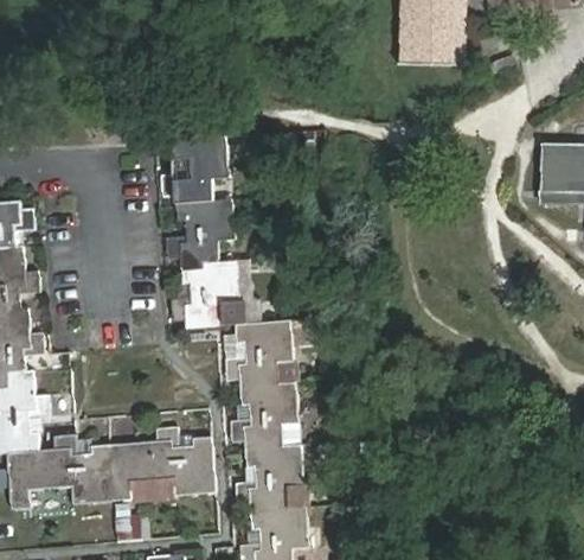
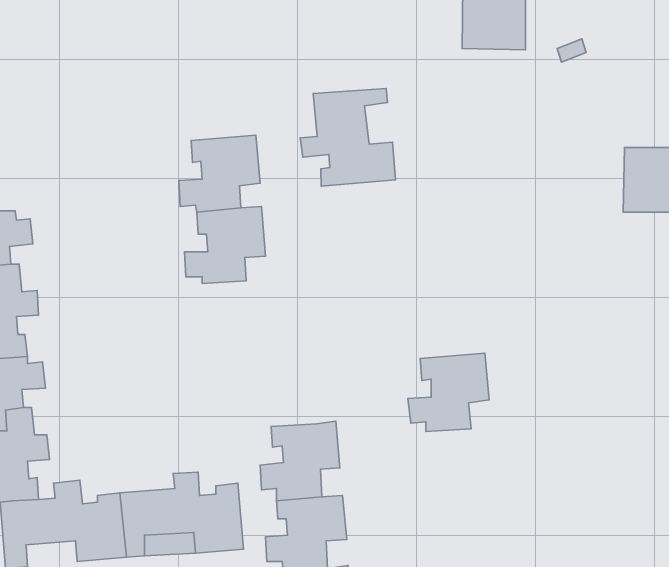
building: none -> [300,89,395,186]
building: [171,260,239,327] -> none
building: [224,319,294,387] -> [408,353,489,432]

